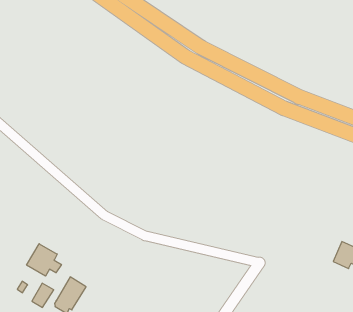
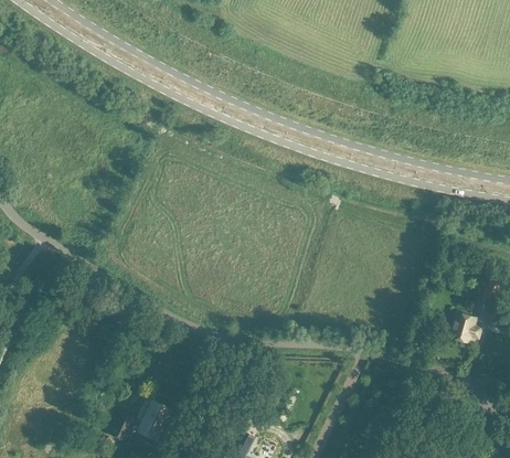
building: [27,244,61,276] -> none

